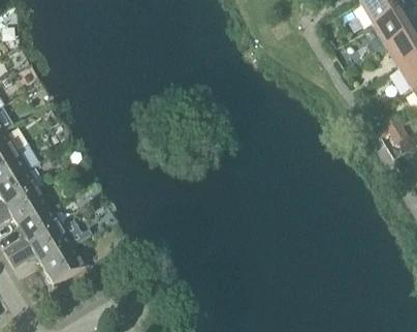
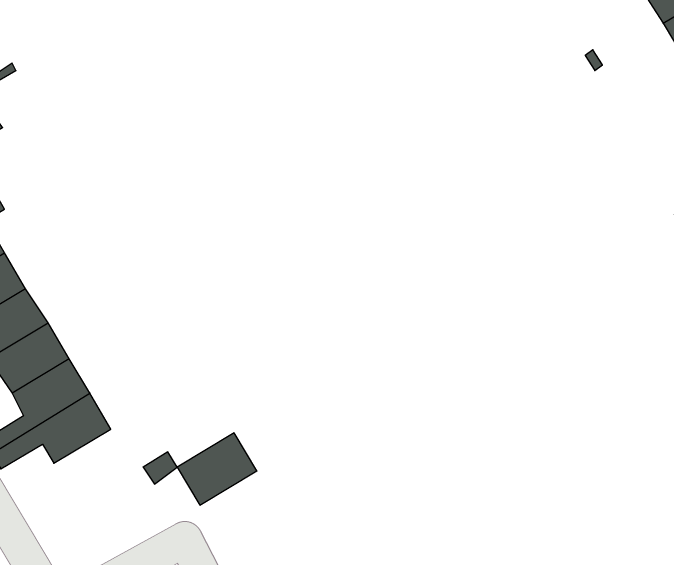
building: [41,243,85,282] -> [177,433,257,505]

